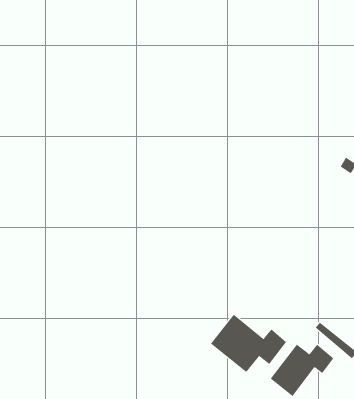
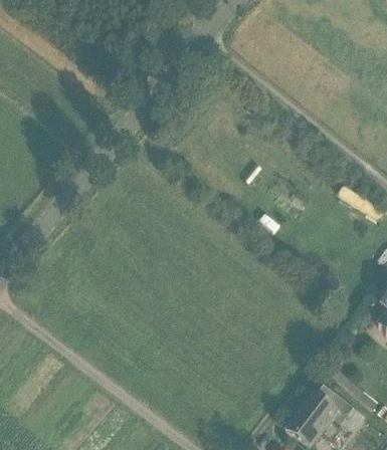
building: [210,314,287,373] -> none

